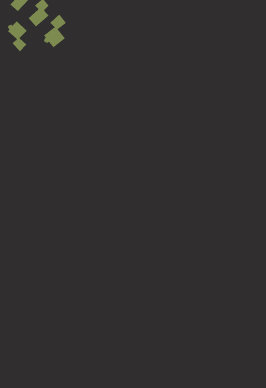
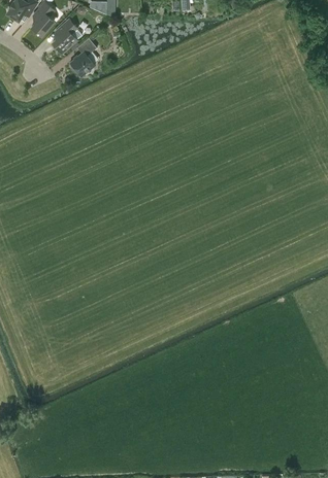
building: [7,20,28,52] -> none

